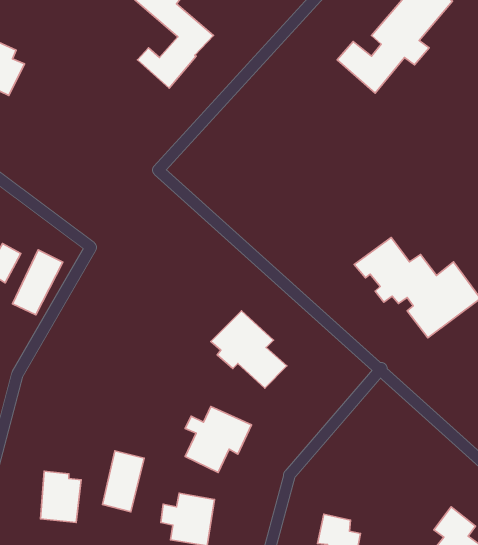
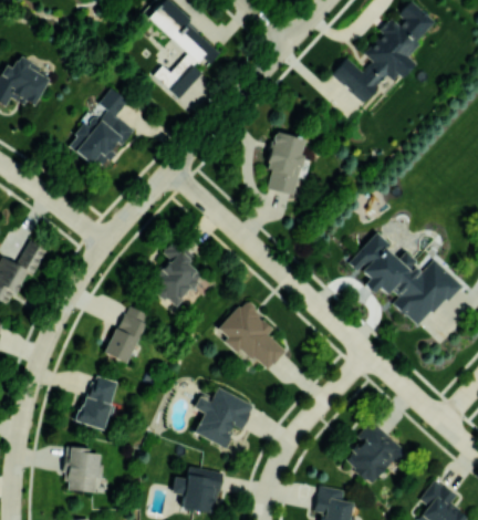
building: none -> [67,87,133,170]
building: none -> [266,131,308,195]
building: none -> [154,241,200,308]
building: [13,250,63,315] -> [105,304,150,363]
building: none -> [345,420,404,485]
building: [103,451,144,512] -> [80,374,117,429]

